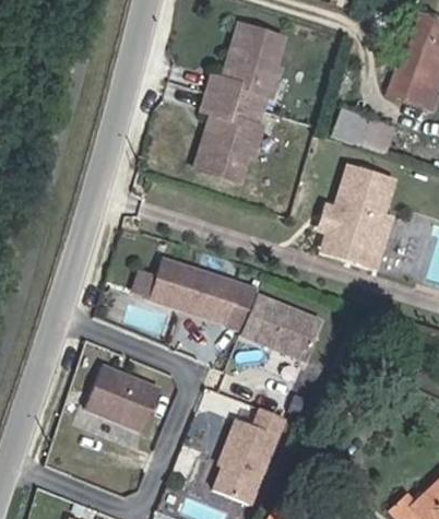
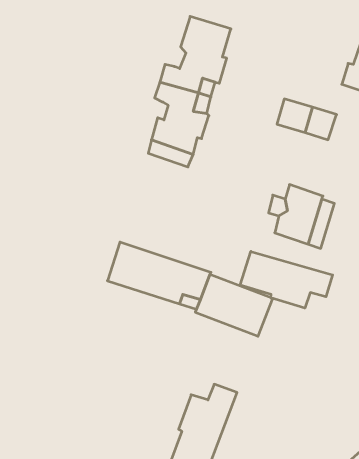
building: [340,169,384,212] -> none
building: none -> [240,251,333,308]
building: [86,367,161,432] -> none

